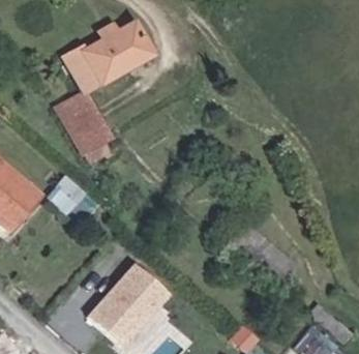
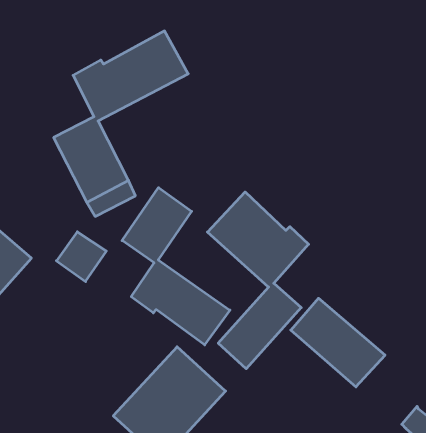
building: none -> [122,188,230,345]
building: none -> [207,192,309,369]

